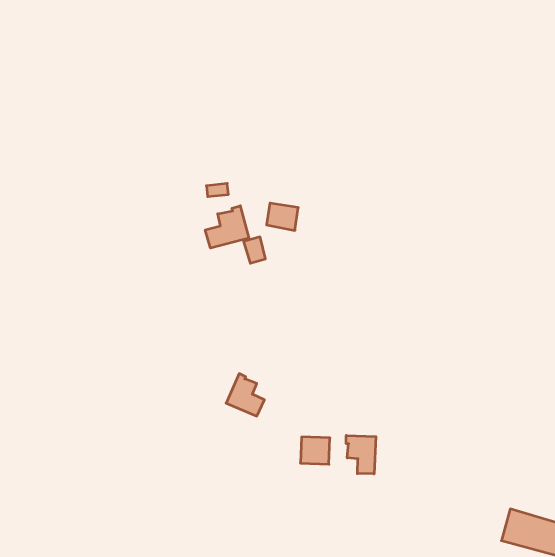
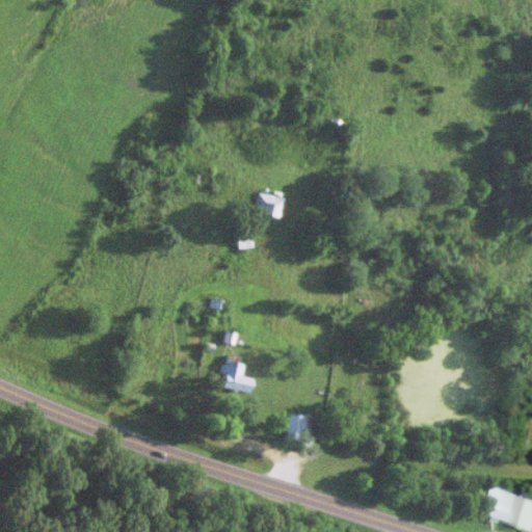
building: [205,206,249,248] -> none
building: [346,435,376,474] -> none

